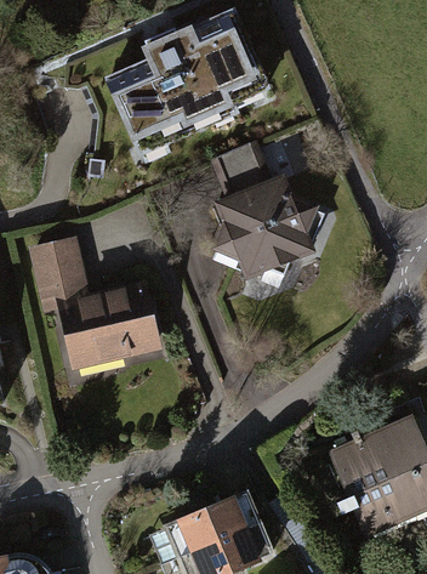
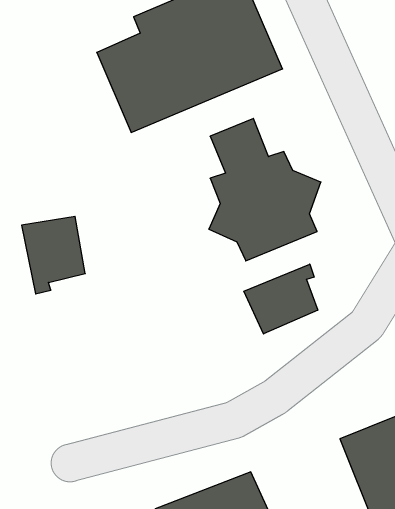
building: [55,282,160,374] -> none
building: none -> [244,264,318,334]

